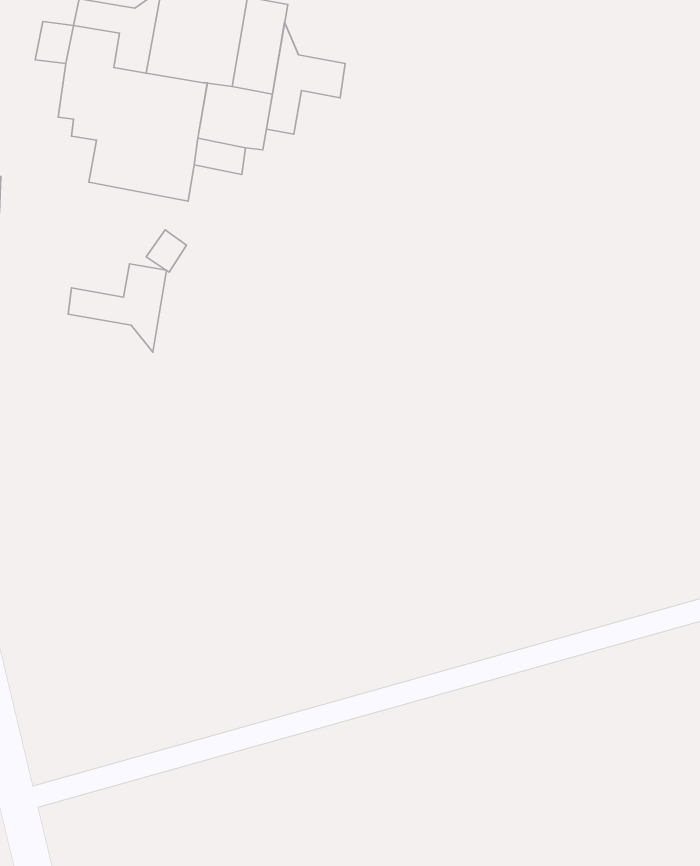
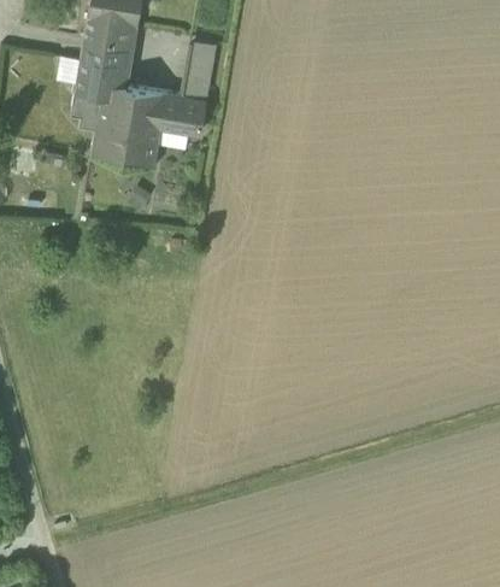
building: [266,22,345,134] -> none
building: [68,264,167,352] -> none

